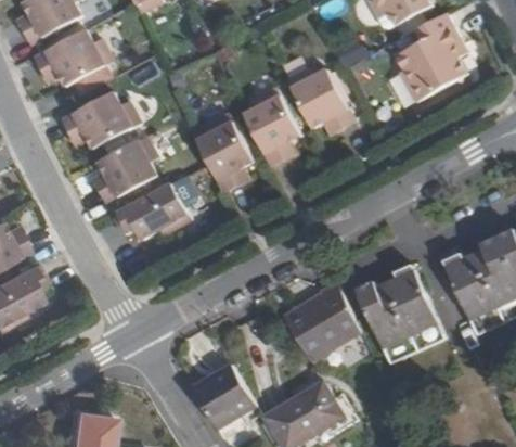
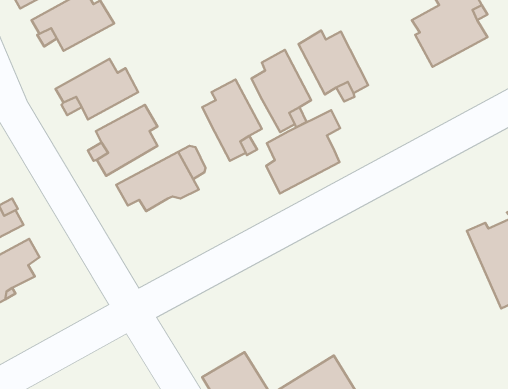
building: none -> [266,110,340,193]
building: [359,263,448,361] -> none
building: [288,294,364,374] -> none

